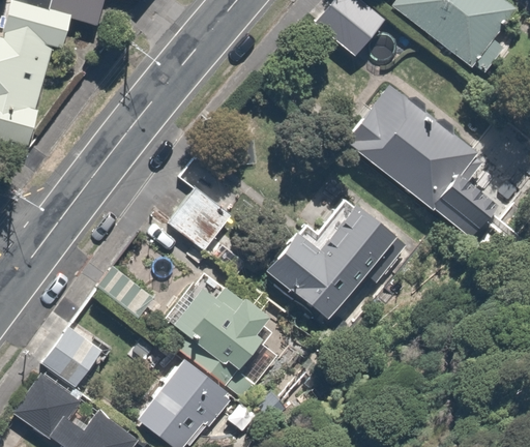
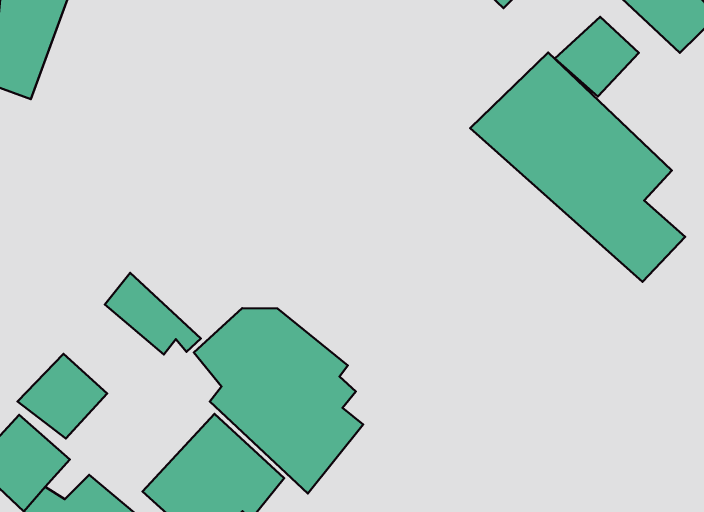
building: none -> [555,17,639,96]
building: [169,187,232,249] -> none
building: [258,201,408,334] -> none

